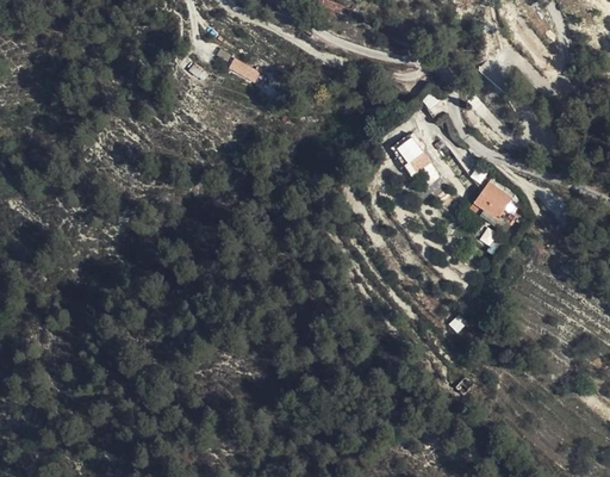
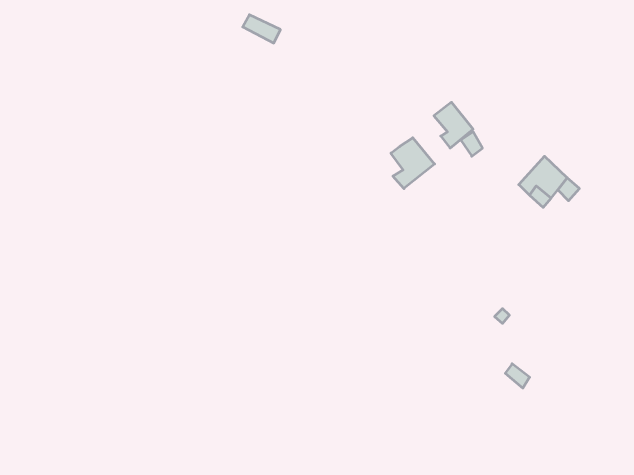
building: none -> [391,138,435,189]

